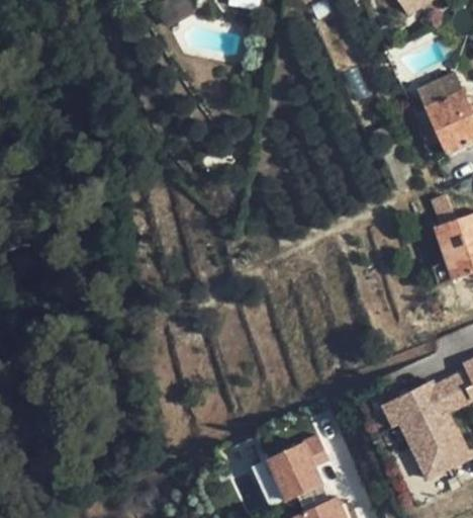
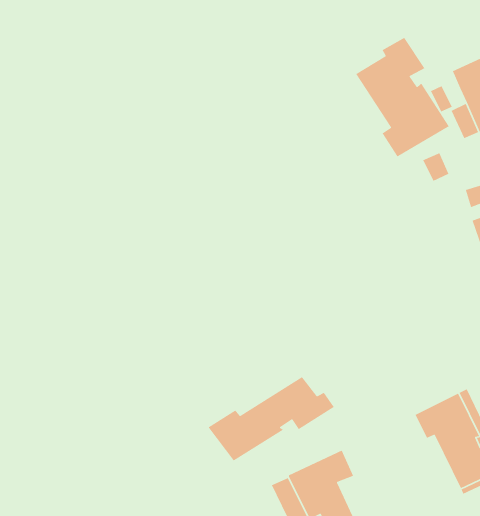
building: none -> [355,37,450,157]
building: none -> [207,376,335,462]

